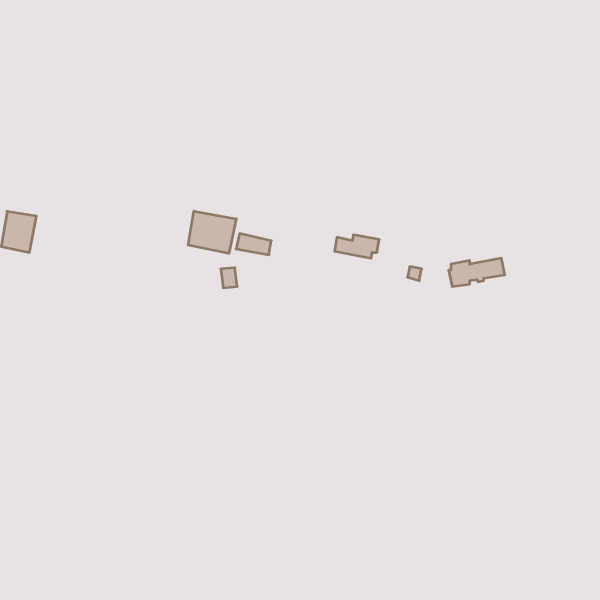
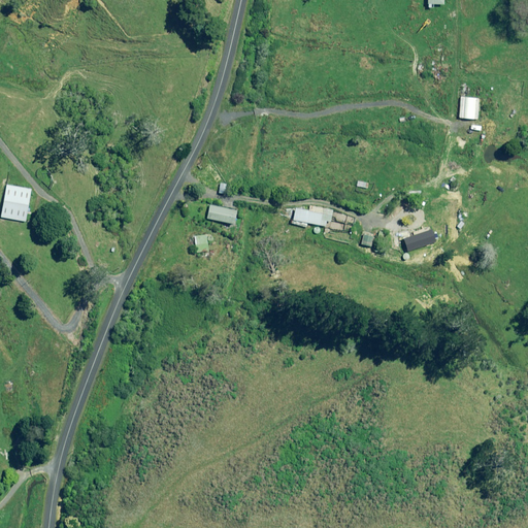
building: none -> [457,97,476,121]
building: [188,211,236,253] -> none

